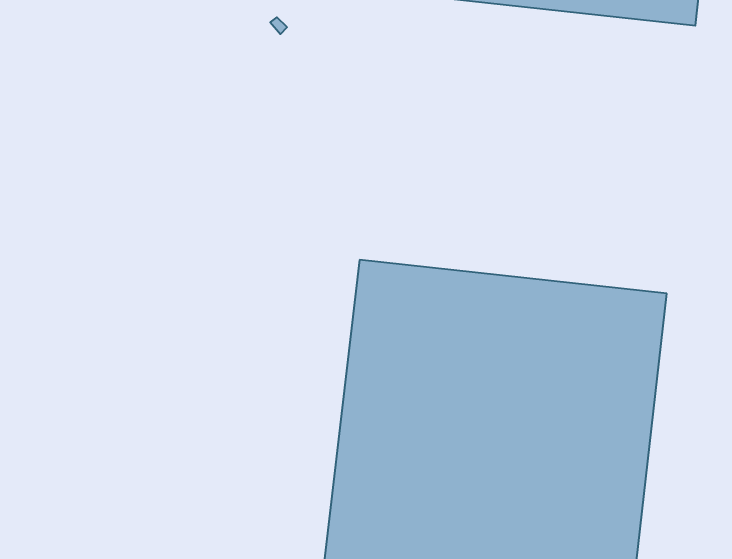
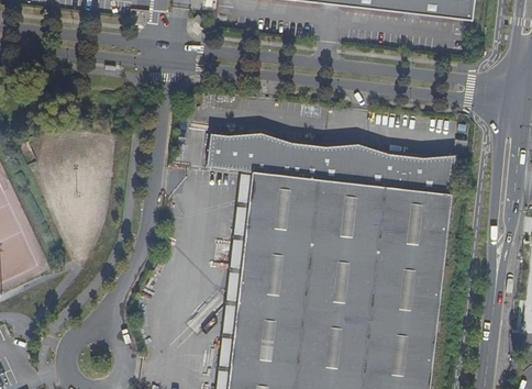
building: none -> [209,134,456,193]

